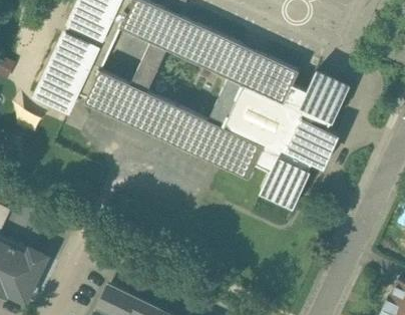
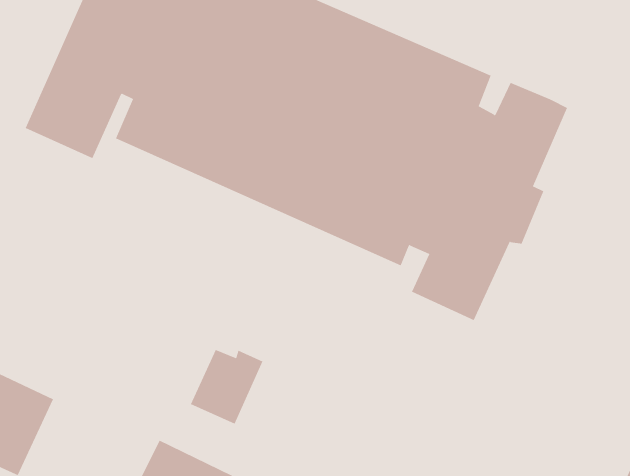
building: none -> [190,349,263,424]

